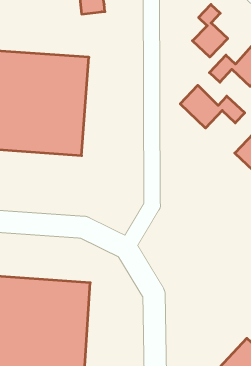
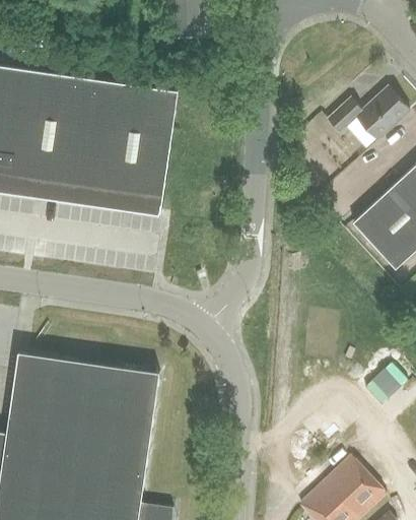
building: [192,4,228,57] -> none
building: [180,85,245,128] -> none

